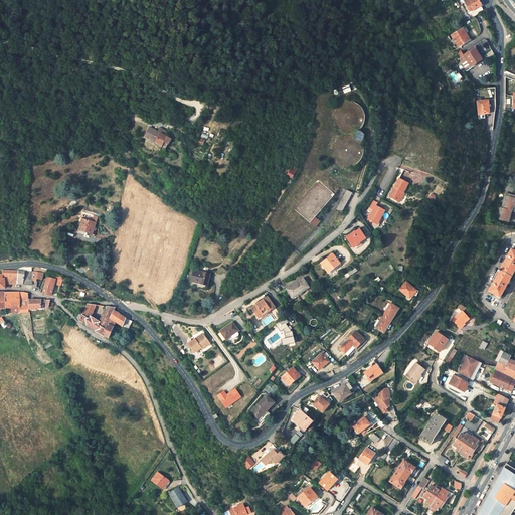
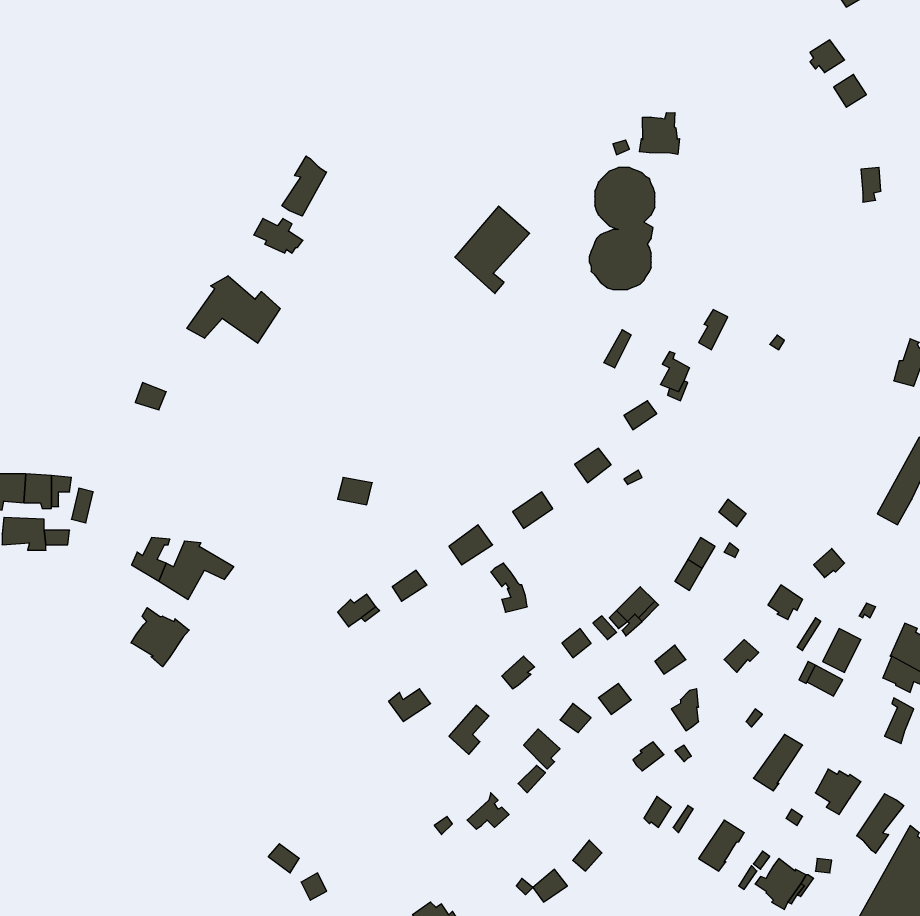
building: none -> [639,113,679,154]
building: none -> [282,156,327,216]
building: none -> [187,276,280,343]
building: [292,181,333,229] -> [455,206,530,294]
building: none -> [131,608,189,667]
building: none -> [857,794,904,853]

